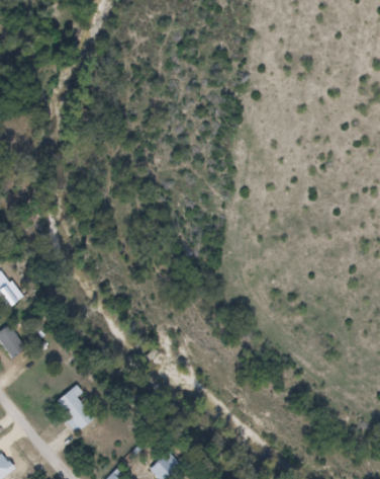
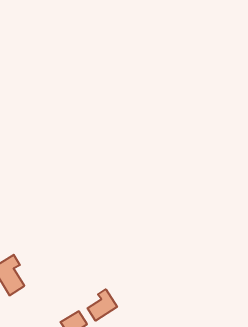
building: none -> [88,289,117,321]

